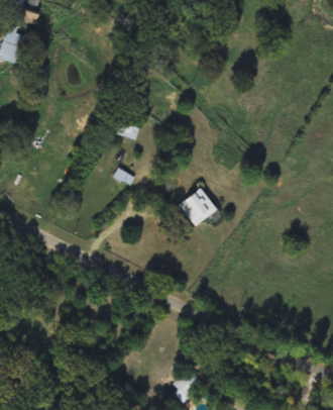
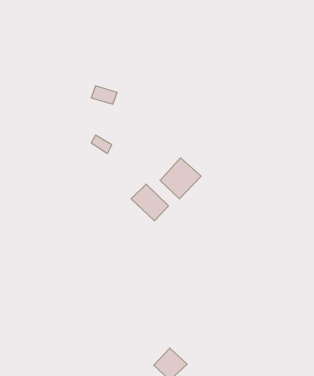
building: none -> [131,184,168,221]

